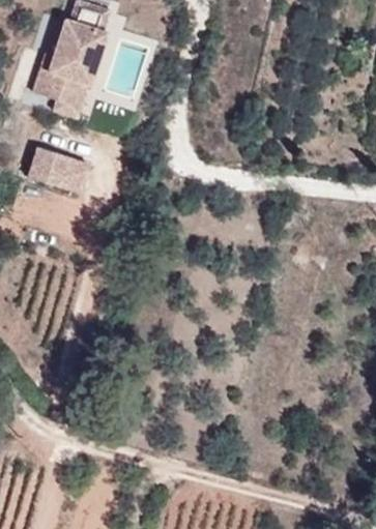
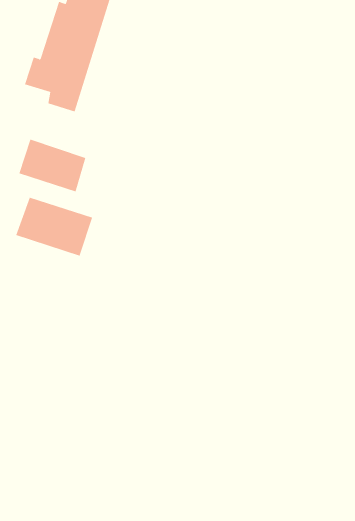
building: none -> [16,197,93,256]

